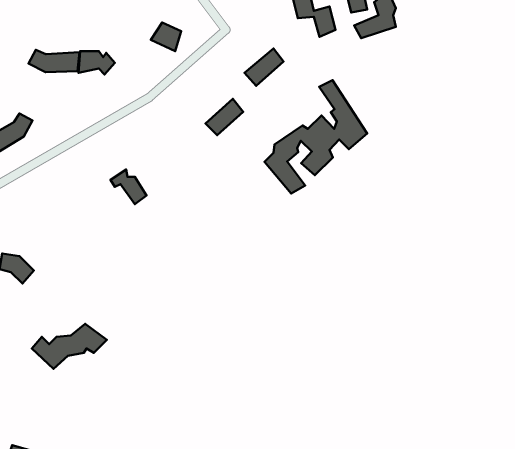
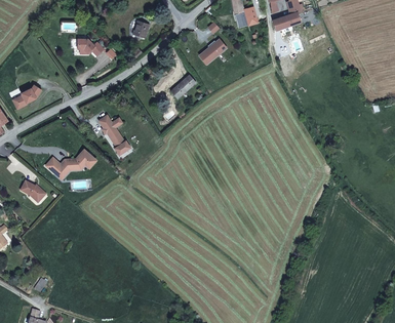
building: [28,50,79,72] -> none
building: [264,80,367,193] -> none
building: [32,324,107,369] -> [42,149,95,180]

